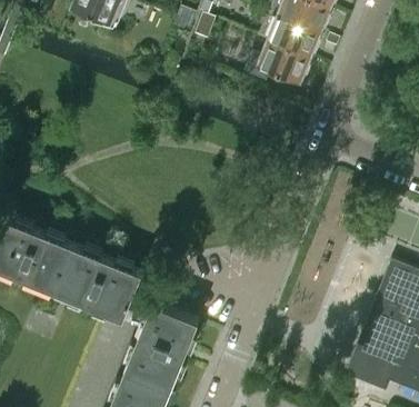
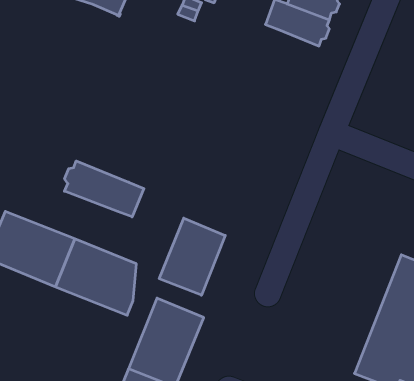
building: [259,37,311,79] -> none
building: none -> [64,161,144,217]
building: none -> [159,218,225,295]

